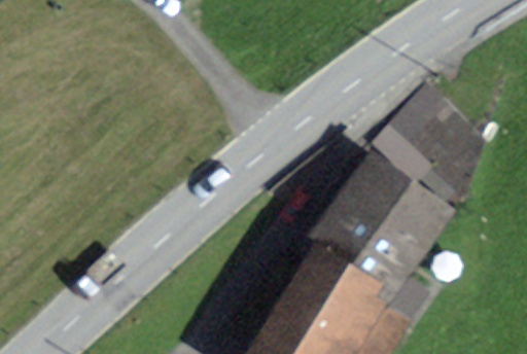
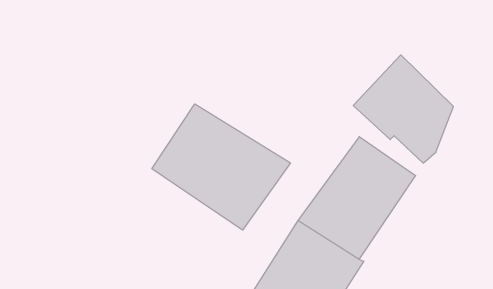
building: none -> [152,104,290,230]

